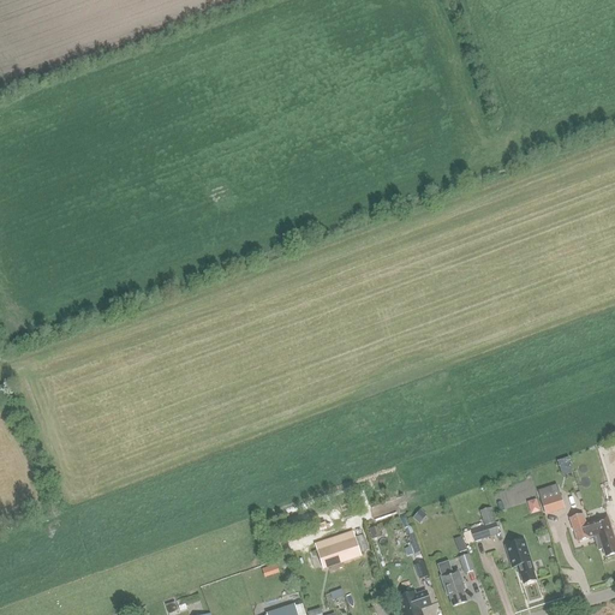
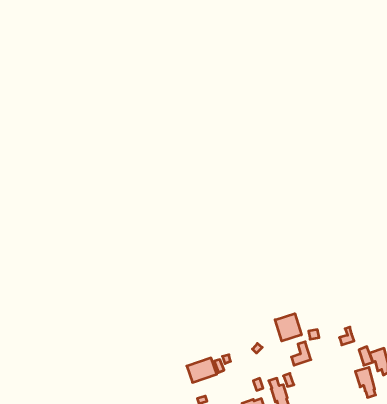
building: none -> [275,314,301,341]
building: [503,537,533,581] -> [355,367,376,397]

